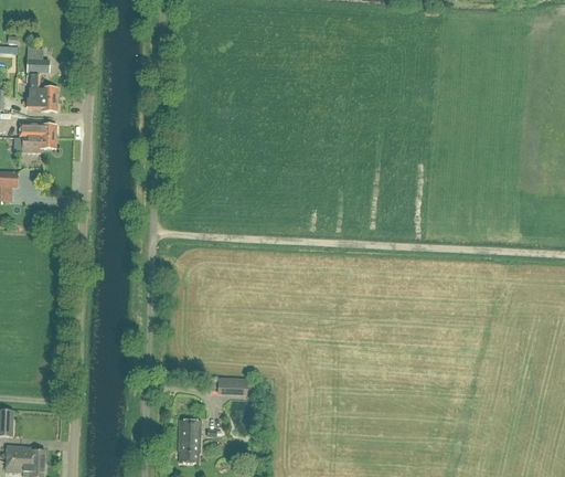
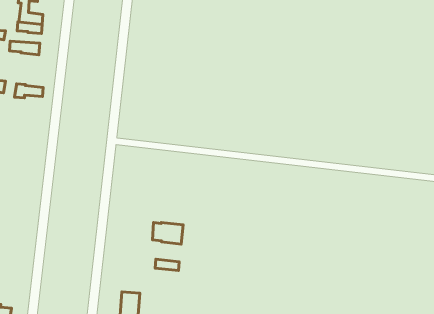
building: [21,135,55,151] -> [15,84,43,98]
building: none -> [152,222,183,244]

